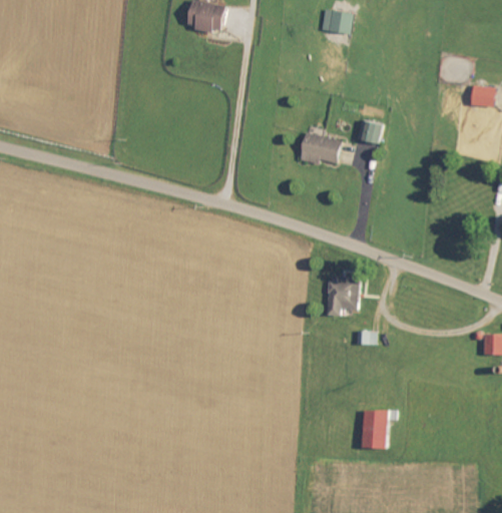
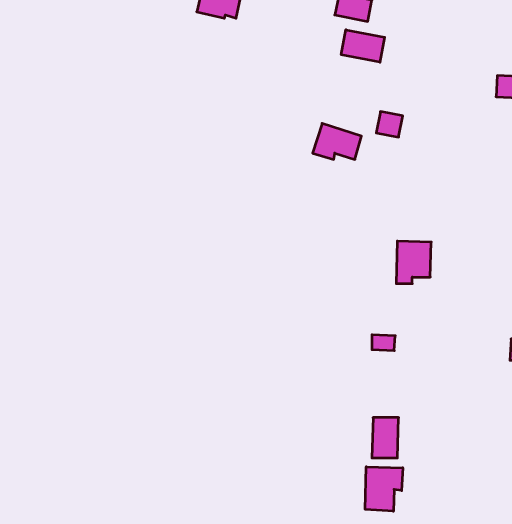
building: none -> [341,30,385,62]
building: [328,276,361,316] -> [396,241,431,284]
building: none -> [365,467,403,511]

